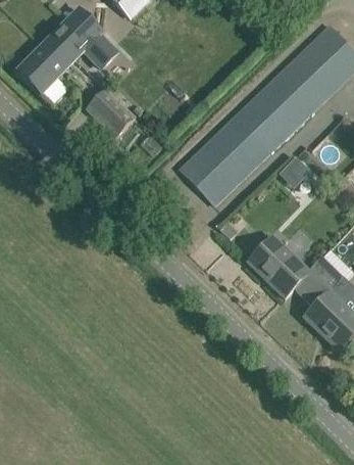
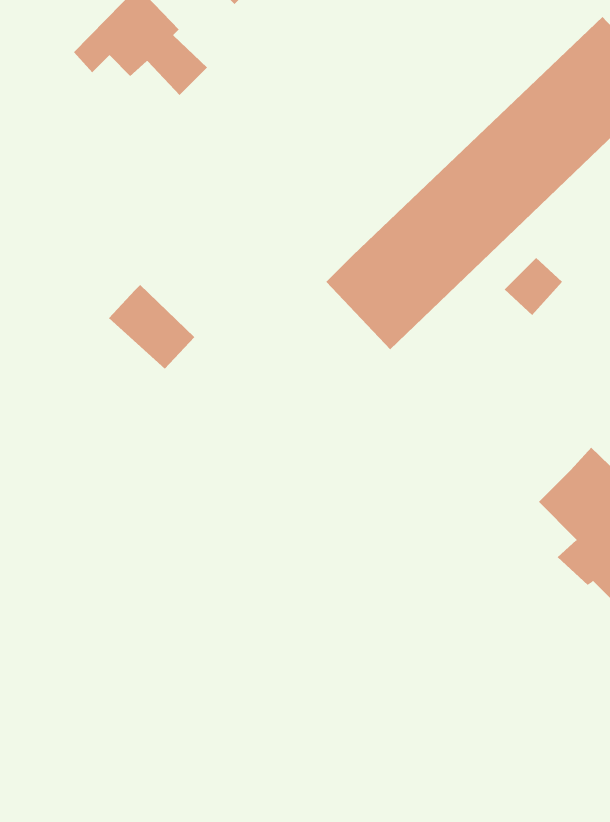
building: [17,45,74,93] -> none
building: [86,91,133,137] -> [108,284,195,370]
building: [249,234,311,297] -> none

